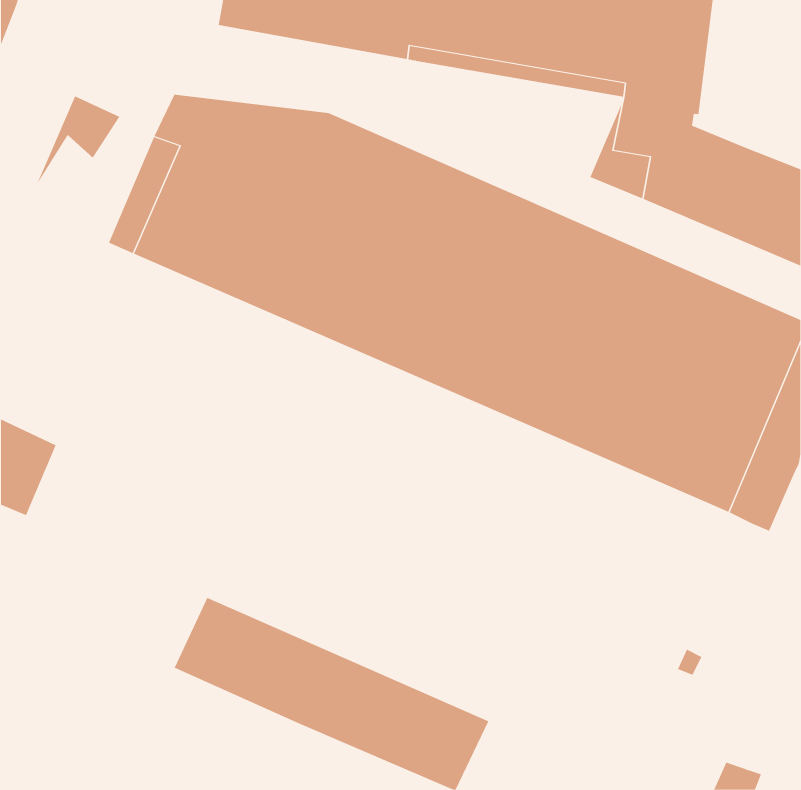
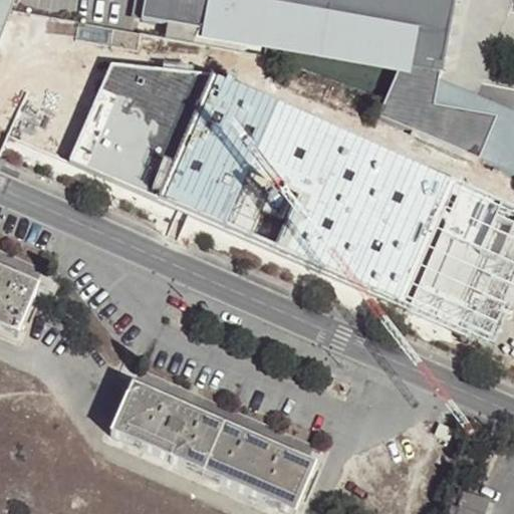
building: [34,96,120,190] -> none

